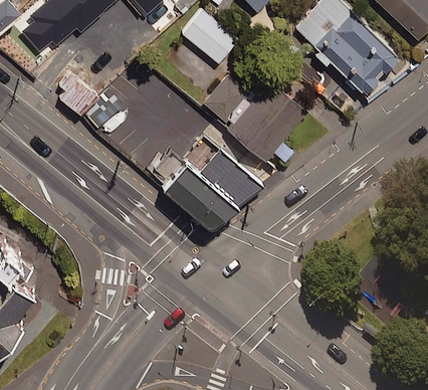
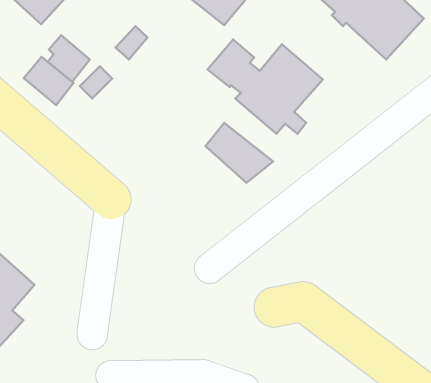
building: none -> [24,57,74,105]
building: [162,159,238,227] -> none

